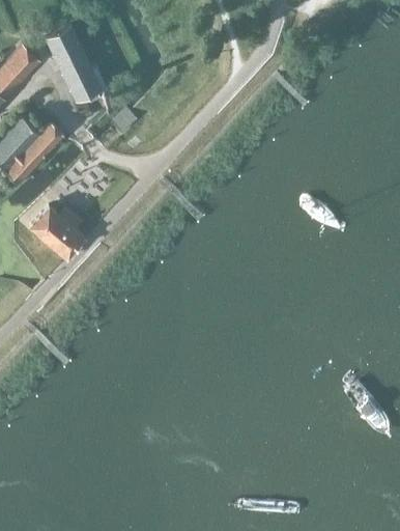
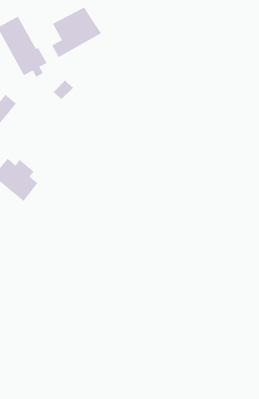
building: none -> [51,7,102,58]

